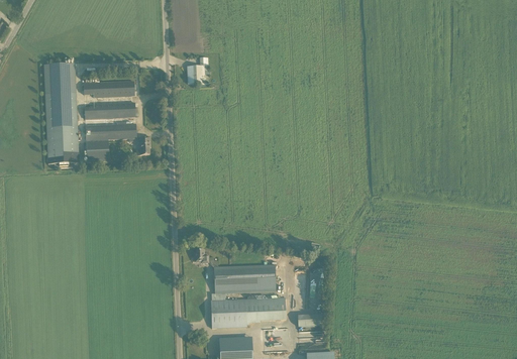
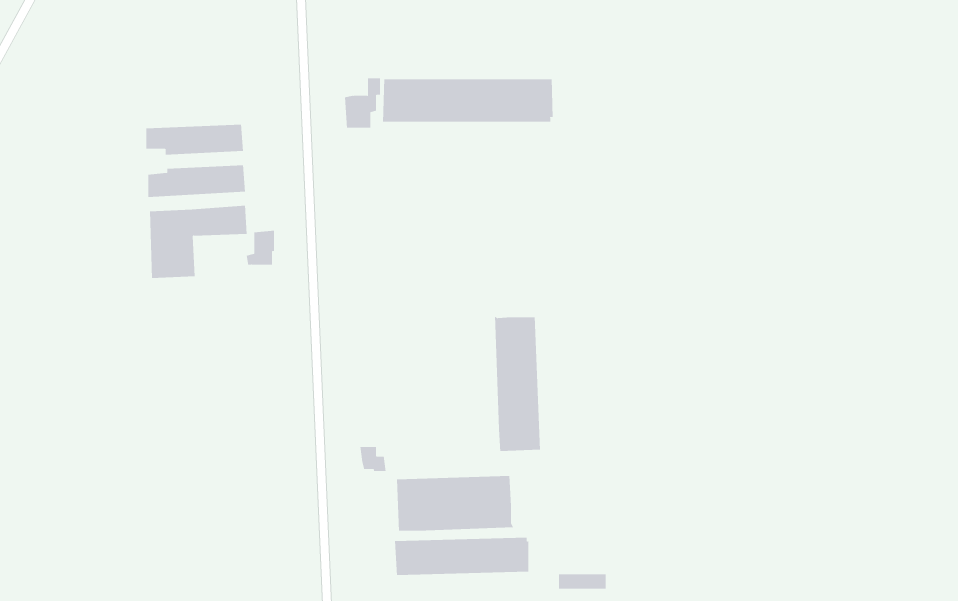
building: none -> [383,79,553,123]
building: [42,64,78,167] -> none
building: none -> [494,316,540,452]

